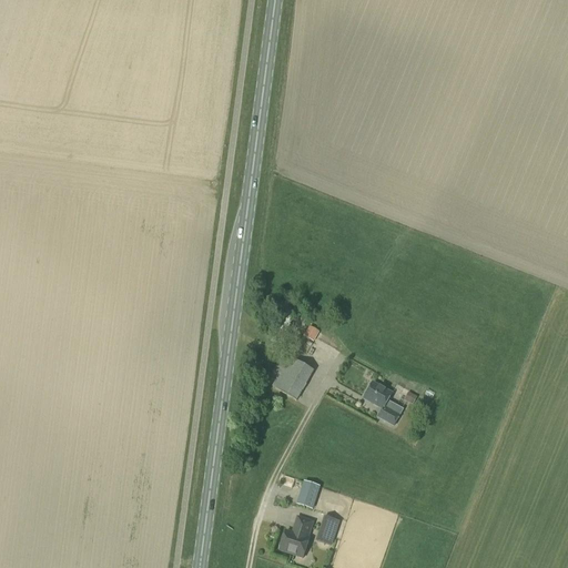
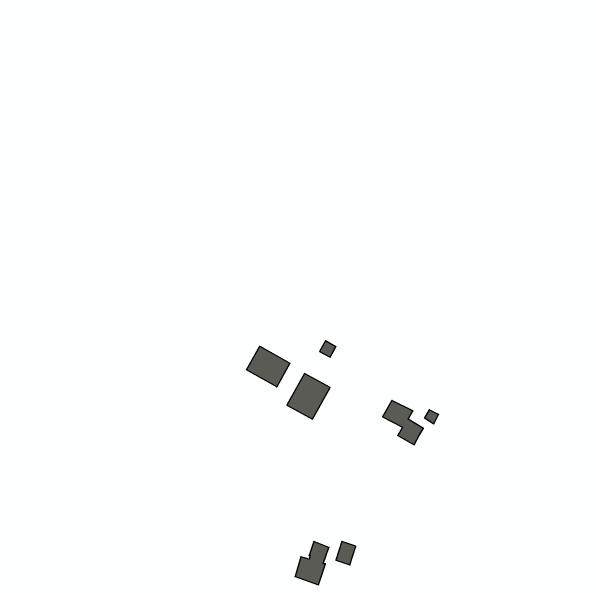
building: none -> [247,346,290,387]
building: [296,479,321,508] -> none

